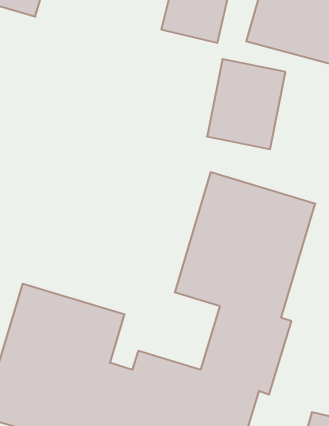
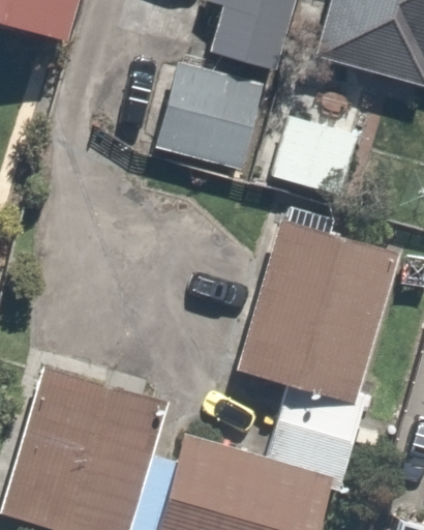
building: none -> [157,61,263,169]

